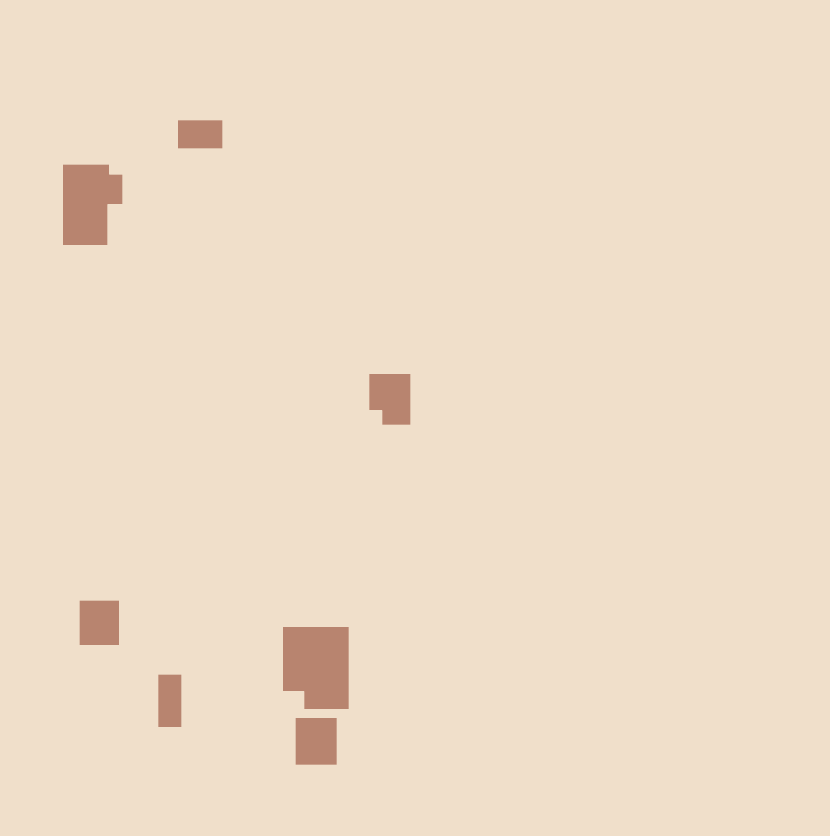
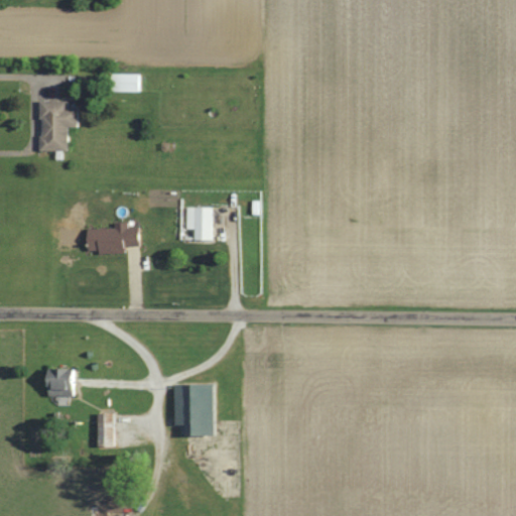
building: none -> [87,226,137,254]
building: [368,373,411,426] -> [184,207,211,239]
building: [295,717,338,766] -> none

